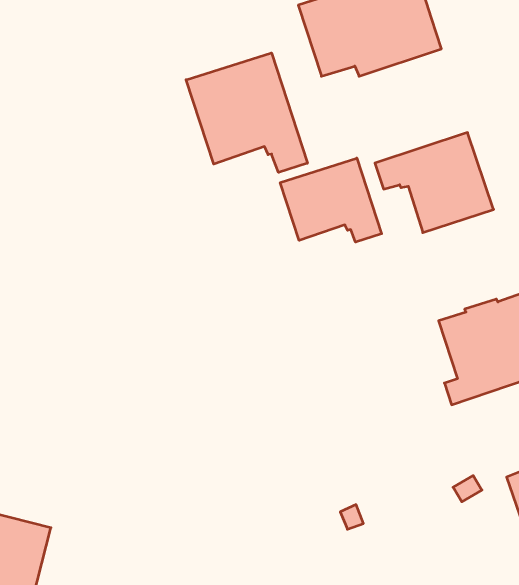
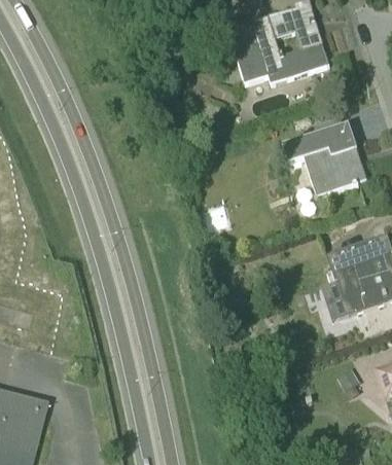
building: [186,53,307,172] -> none
building: [280,158,382,242] -> none

